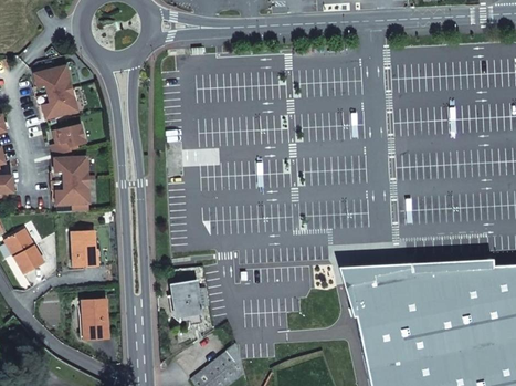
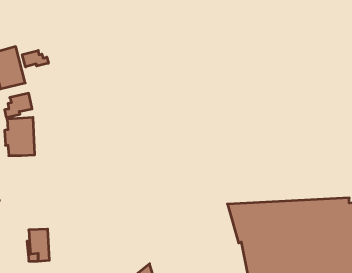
building: none -> [22,50,48,67]
building: [71,230,96,267] -> none
building: [171,280,209,324] -> none

